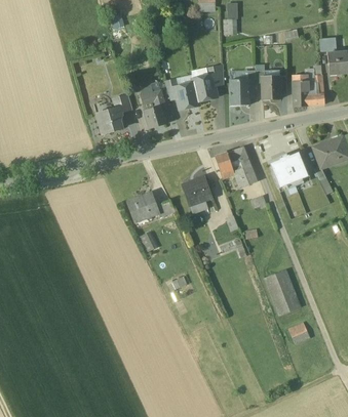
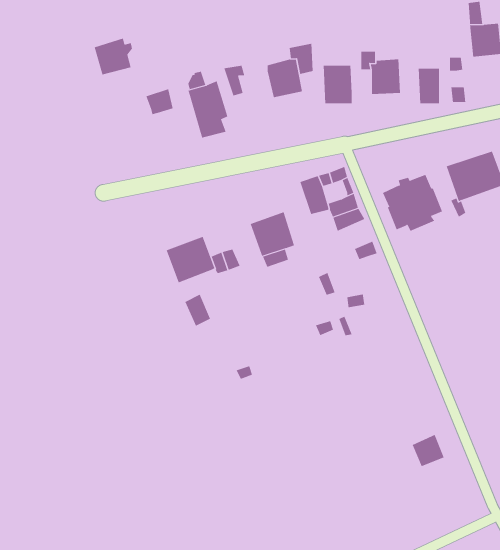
building: [175,83,198,109] -> none
building: [96,108,122,132] -> [94,38,133,75]
building: [265,268,301,315] -> none

